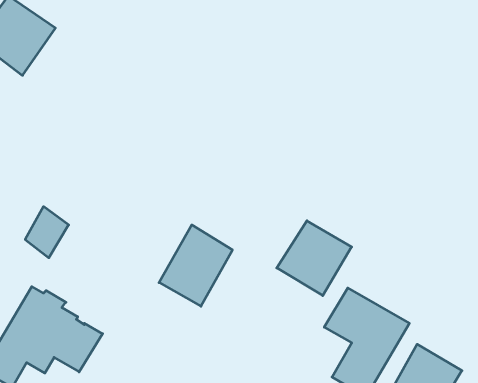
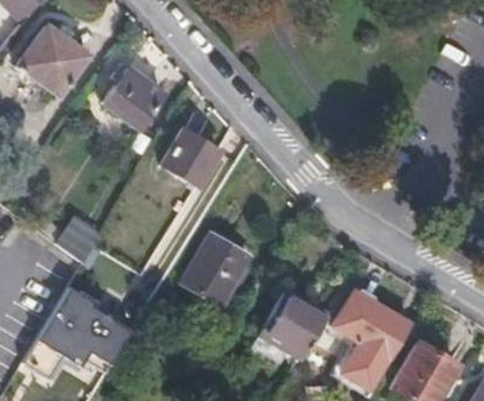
building: none -> [104,69,165,131]
building: none -> [163,129,219,187]
building: [277,221,352,296] -> [260,287,327,355]

